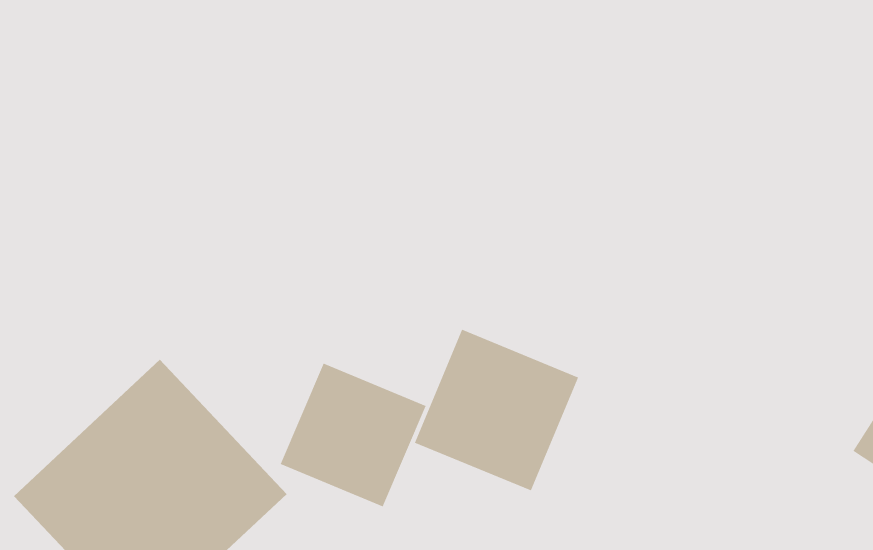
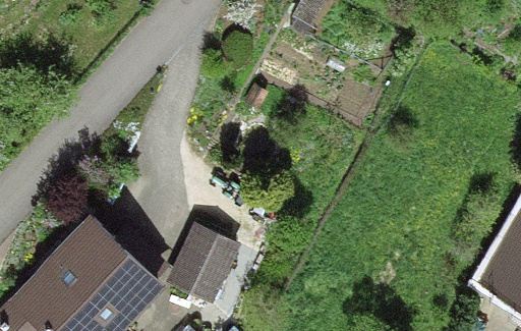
building: [414,329,579,491] -> none

